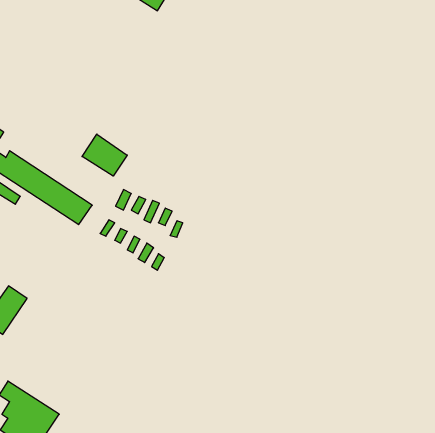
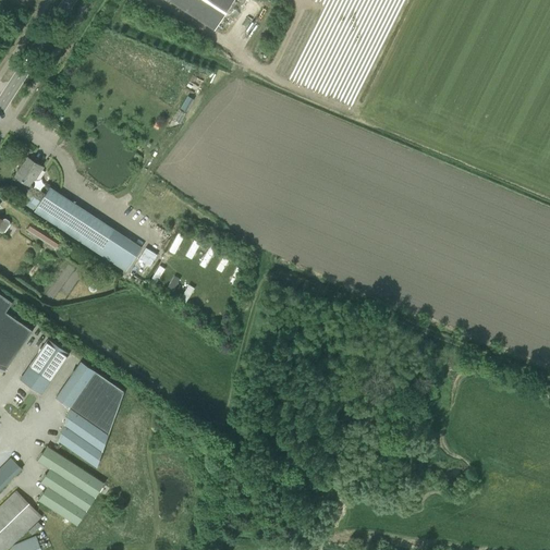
building: [82,134,127,176] -> none
building: none -> [56,363,124,467]

